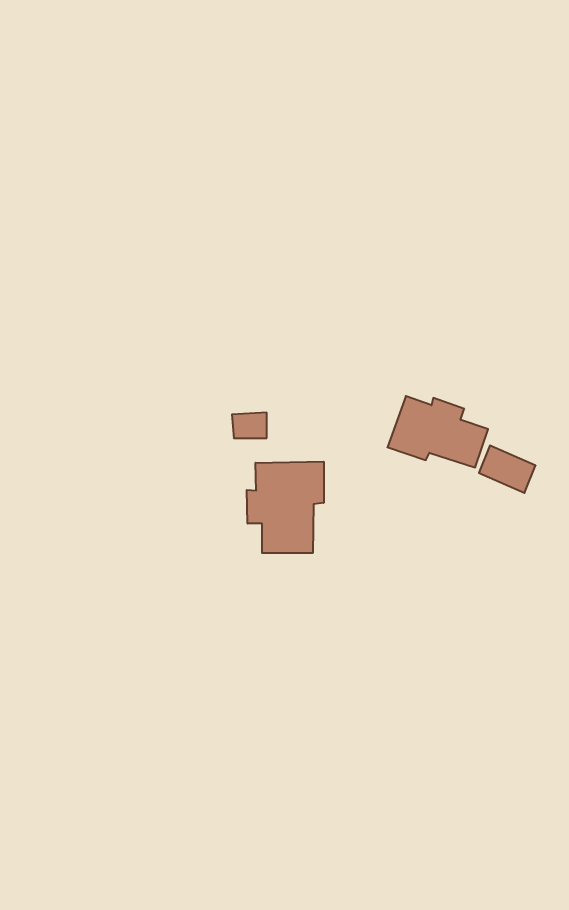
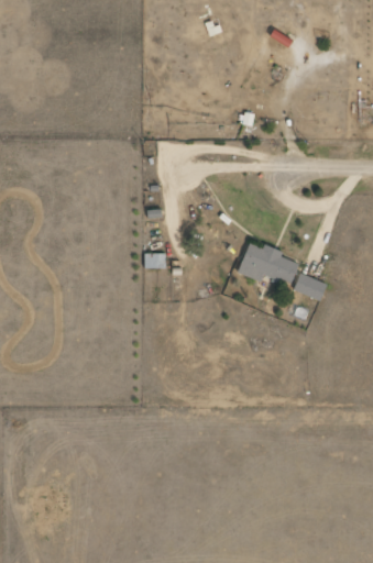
building: [247,462,324,553] -> none

